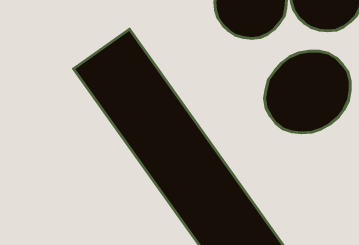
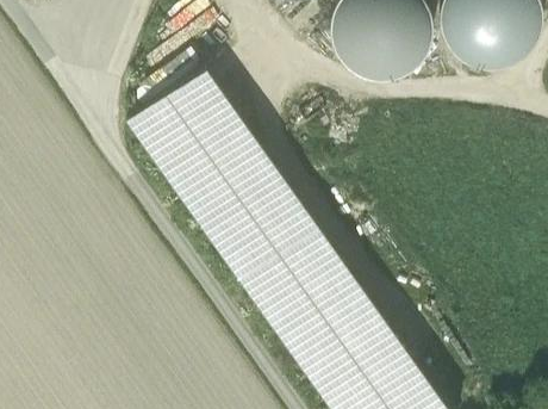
building: [265,51,350,133] -> none

